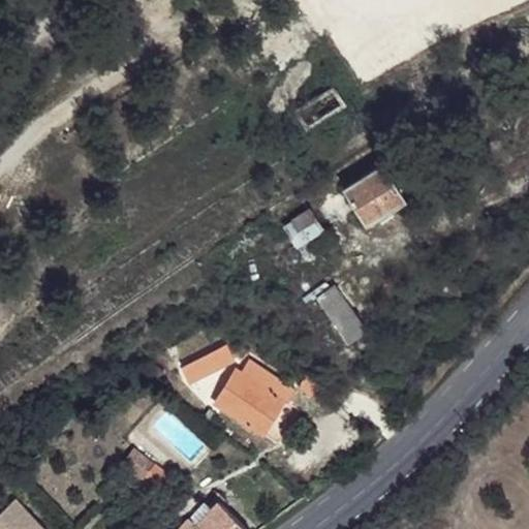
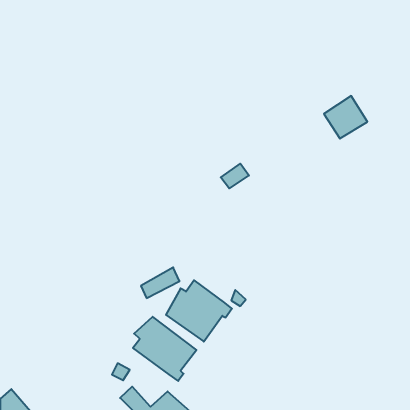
building: [346,165,402,220] -> [324,96,367,139]
building: [313,282,362,342] -> none
building: none -> [133,317,196,381]

